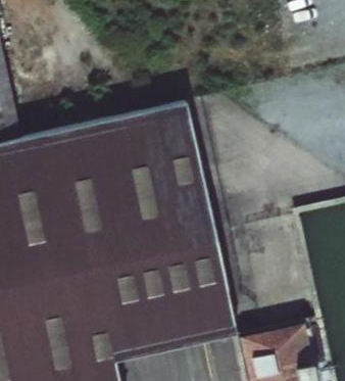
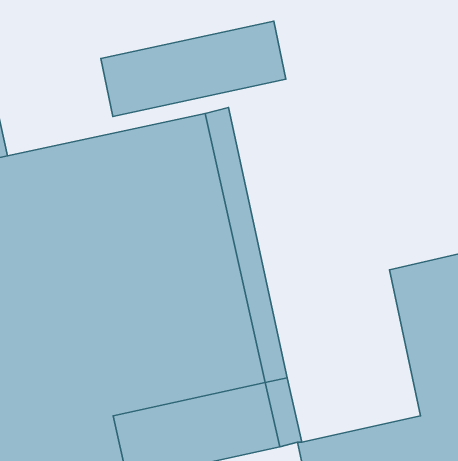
building: none -> [101,21,286,117]

